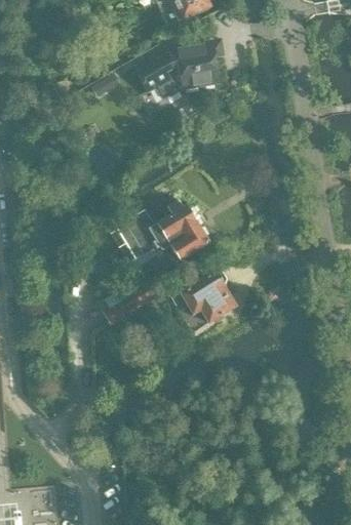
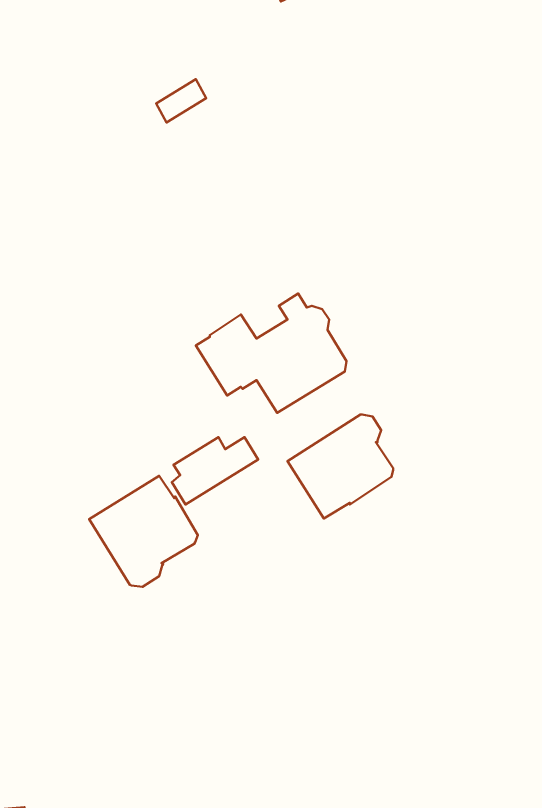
building: [135,41,221,99] -> none
building: none -> [89,476,198,587]

